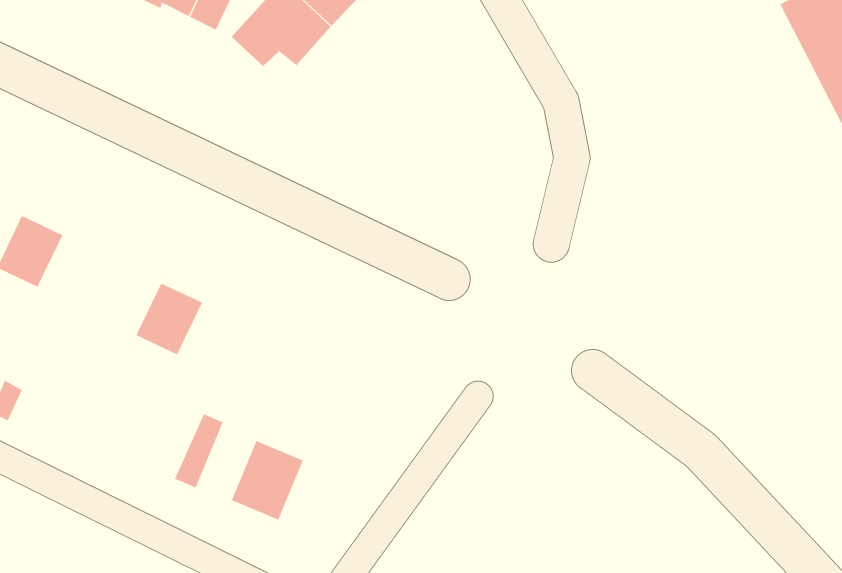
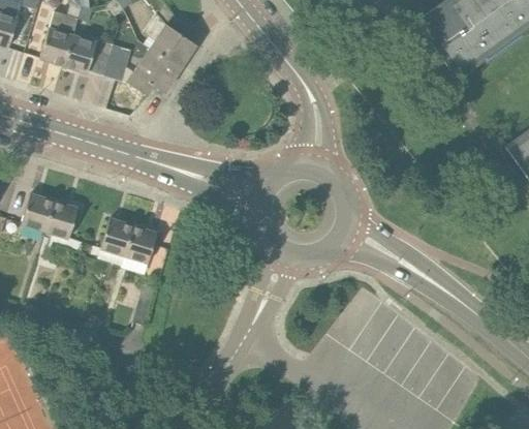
building: none -> [45,201,79,238]
building: none -> [125,225,158,263]
building: [231,440,304,521] -> none

